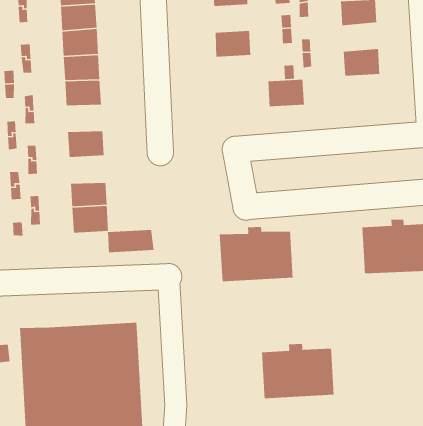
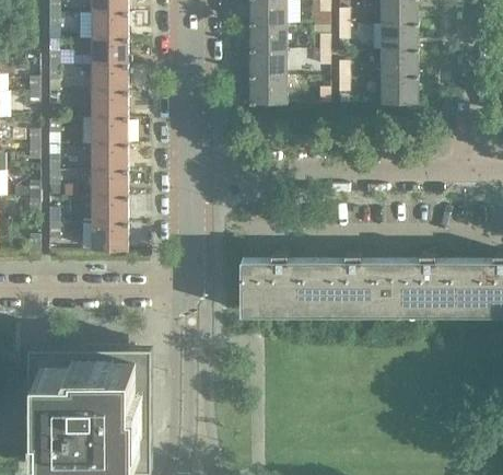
building: none -> [248,27,284,54]
building: none -> [379,54,417,81]
building: [267,79,305,107] -> [247,80,284,107]
building: none -> [90,121,127,149]
building: none -> [90,175,127,202]
building: [107,229,154,253] -> none
building: [261,343,334,399] -> [315,257,388,313]

